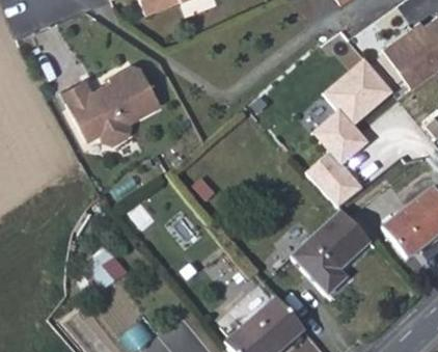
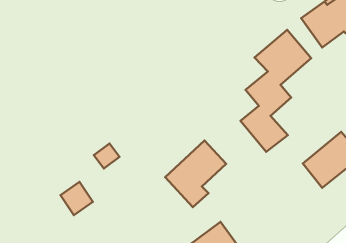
building: [61,62,162,138] -> none
building: [299,213,375,296] -> [165,140,226,207]

